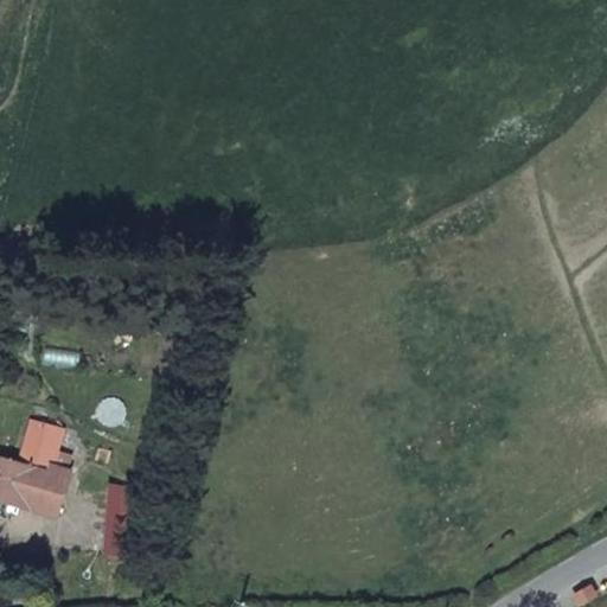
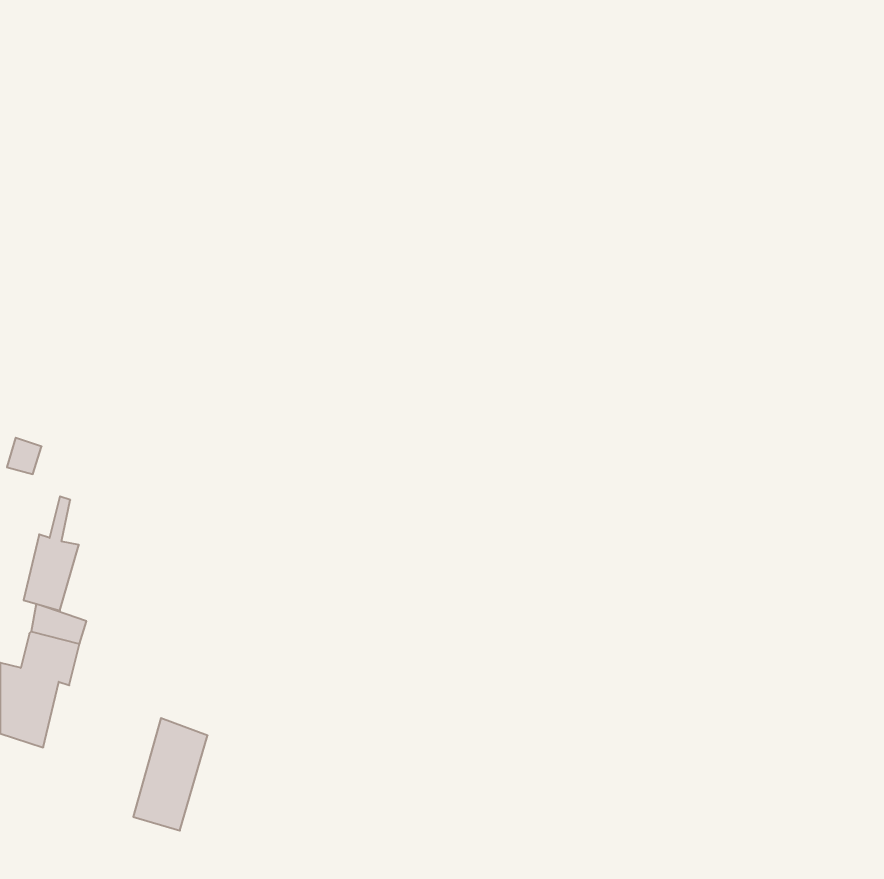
building: [30,441,68,519] -> [24,496,79,611]

